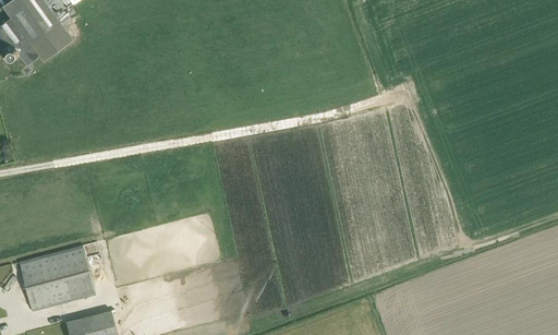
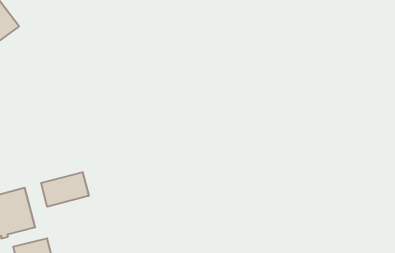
building: none -> [41,172,89,207]

